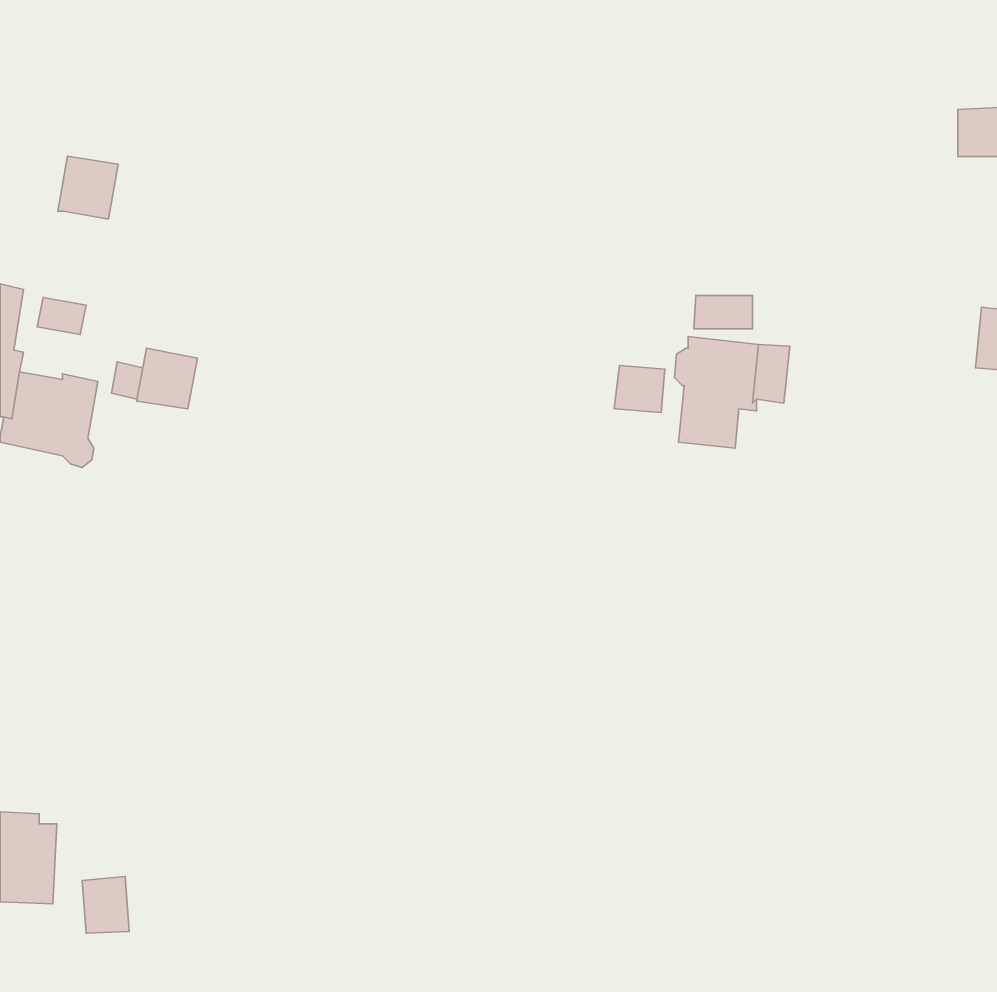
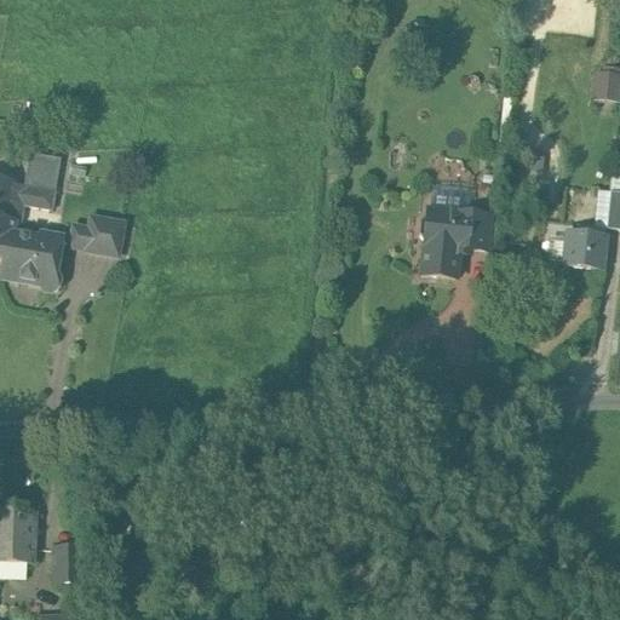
building: [58,156,118,219] -> [24,150,62,189]
building: [614,365,665,413] -> none
building: none -> [561,231,603,270]

